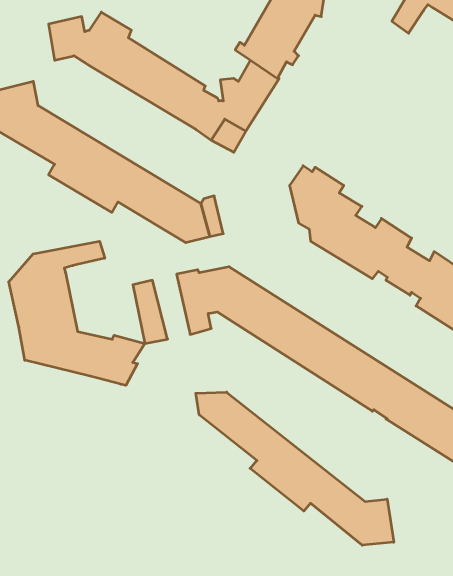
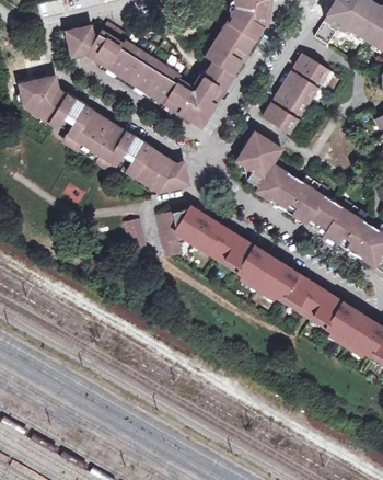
building: none -> [265,49,328,129]
building: [9,241,145,385] -> none
building: [196,392,394,545] -> none

